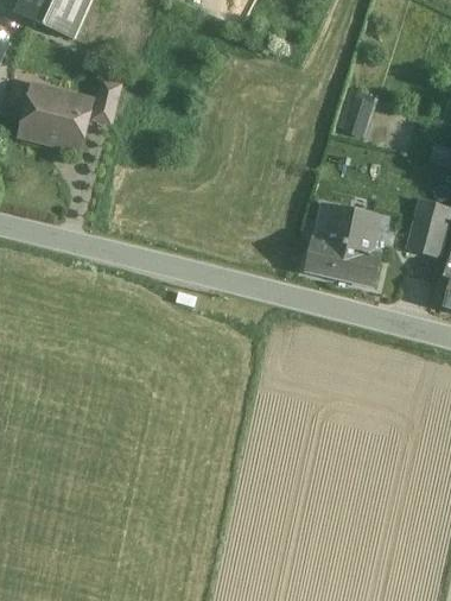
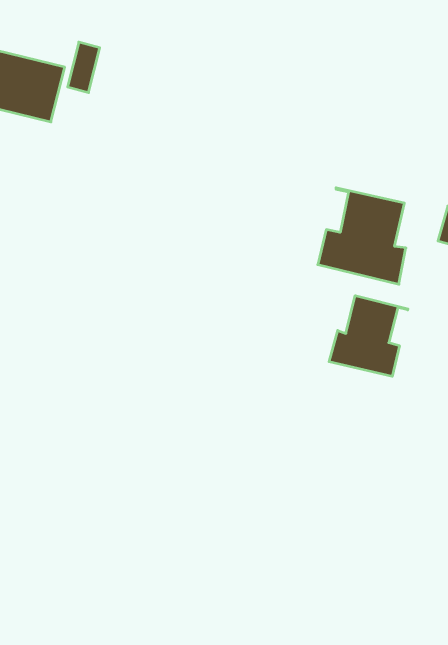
building: [342,91,373,138] -> none
building: none -> [329,296,408,376]

